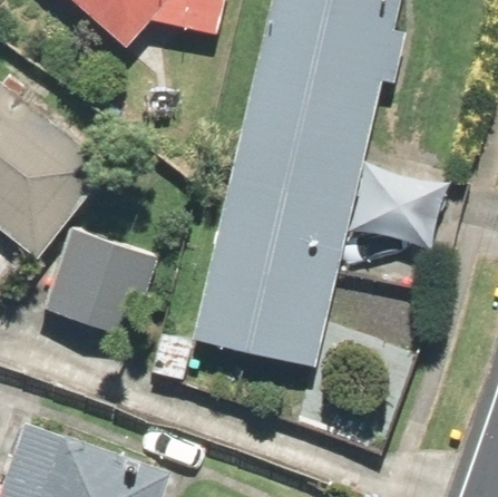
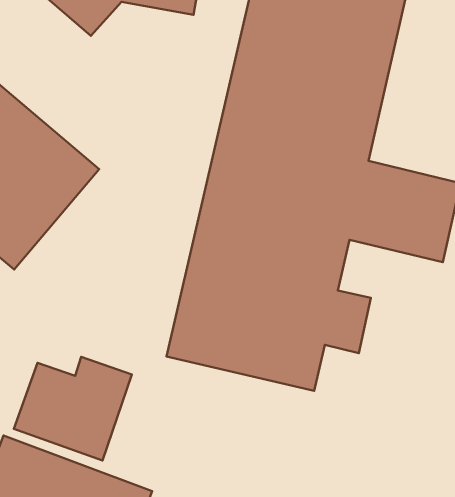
building: [38,236,149,334] -> [14,357,132,461]

